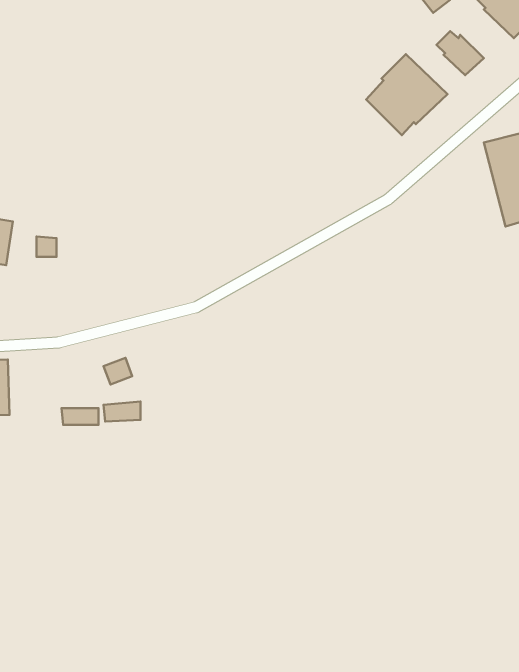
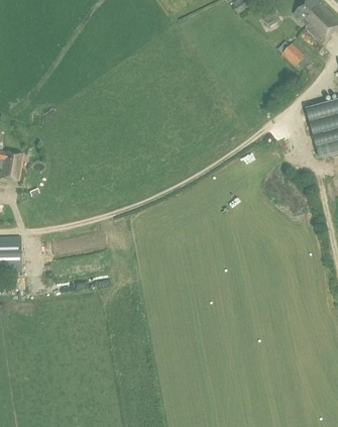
building: [366,54,447,135] -> none

